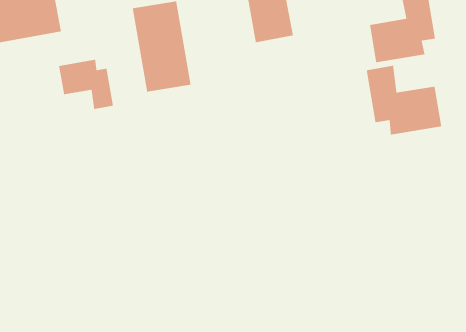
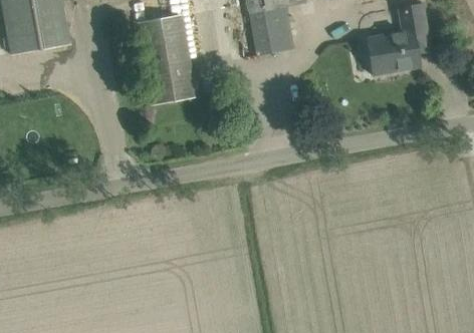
building: [58,59,114,110] -> none
building: [366,65,442,136] -> none

